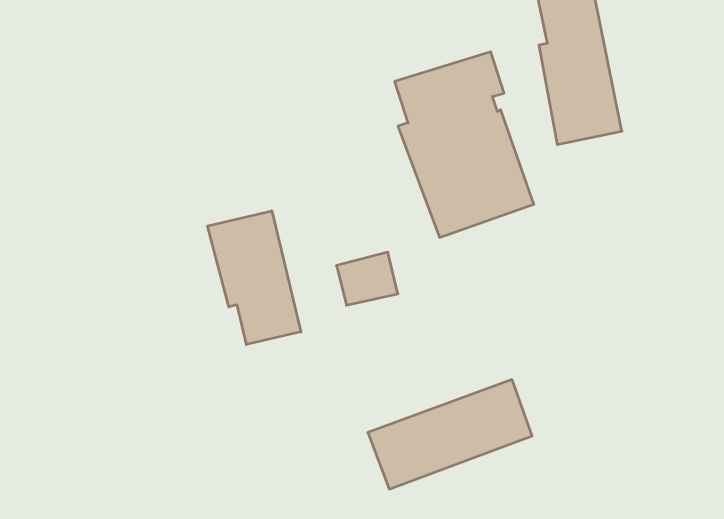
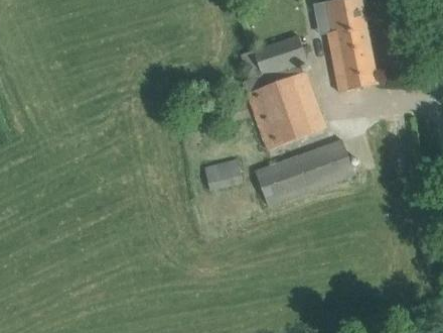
building: [208,211,301,345] -> none
building: [368,380,532,489] -> [255,139,354,206]

